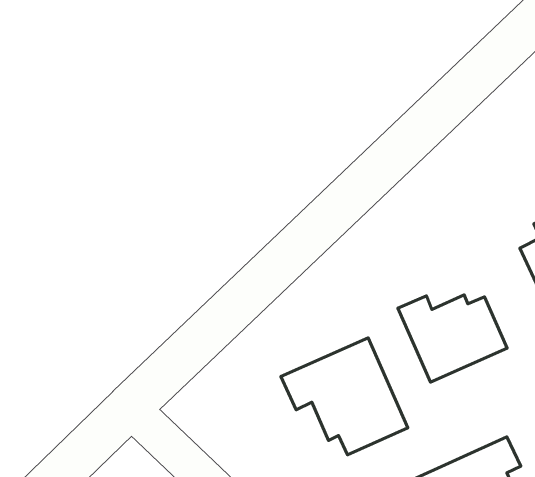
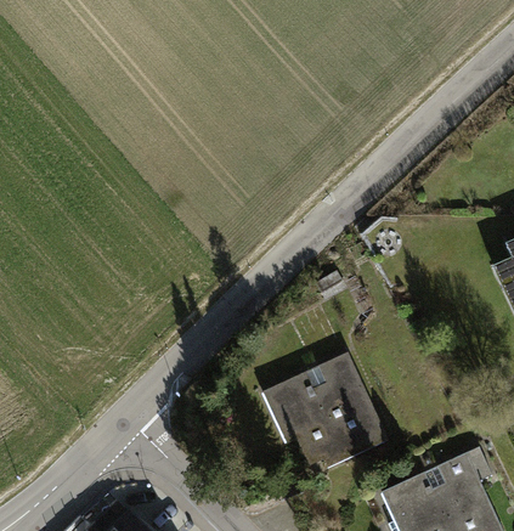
building: [398,295,507,382] -> none

